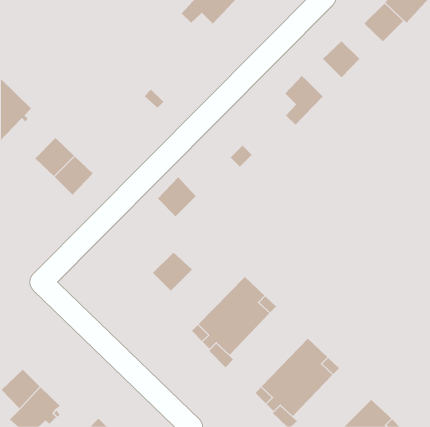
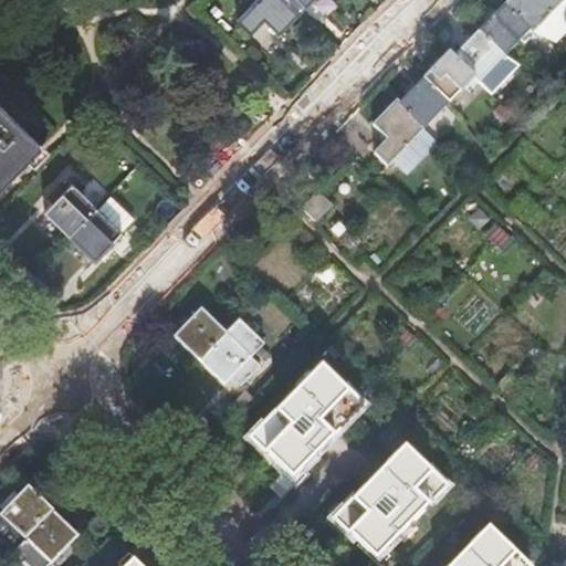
building: none -> [449,31,503,82]
building: none -> [400,77,449,127]
building: [157,177,197,217] -> [176,305,228,358]

